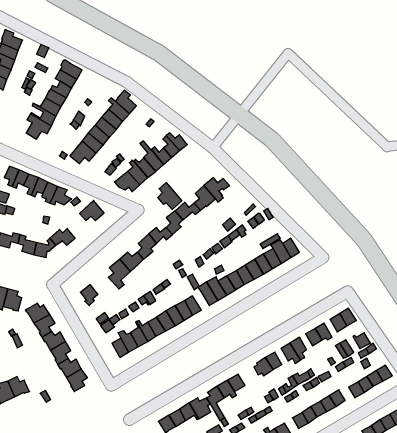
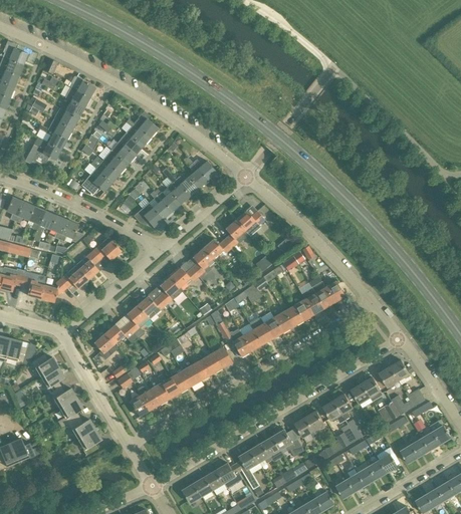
building: [158,183,182,209] -> none
building: none -> [75,252,99,280]
building: none -> [104,324,138,344]
building: none -> [274,428,303,456]

